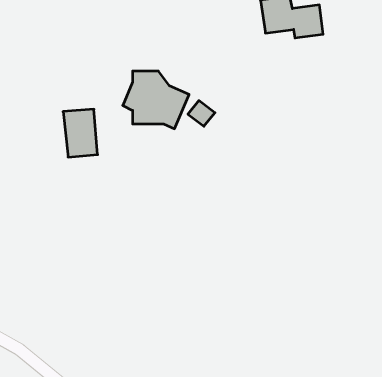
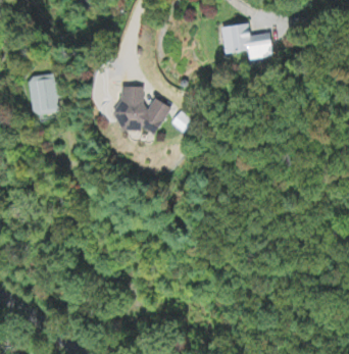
building: [63,109,98,157] -> [27,73,55,113]

